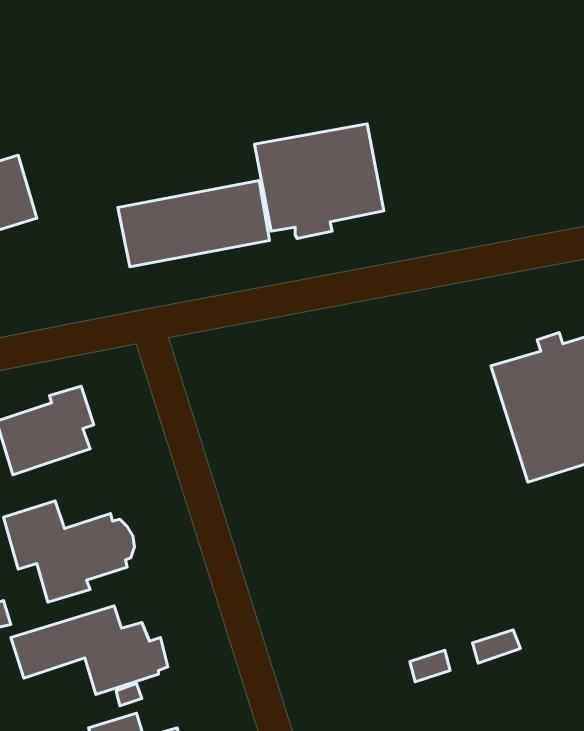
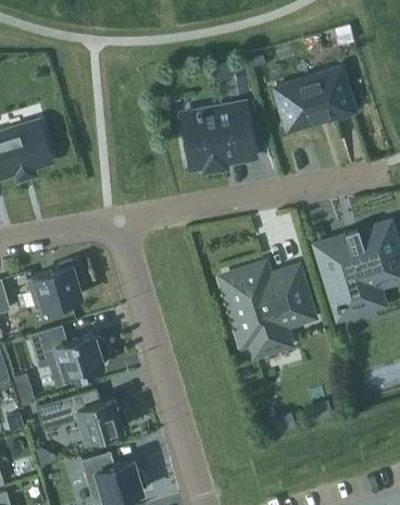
building: none -> [273,66,353,131]
building: [118,180,269,267] -> none
building: none -> [223,264,312,354]

